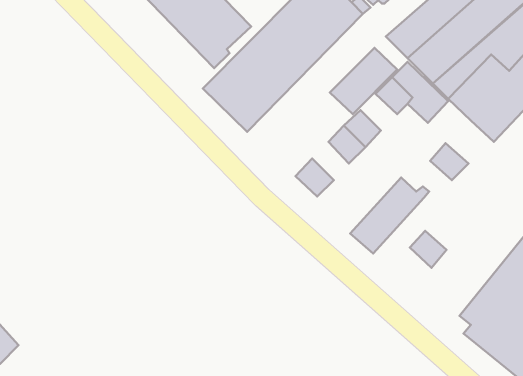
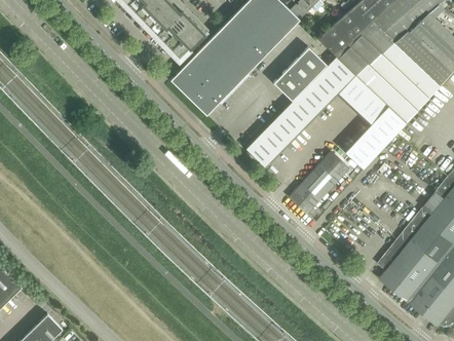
building: none -> [298,83,328,113]
building: none -> [352,89,401,140]
building: none -> [259,122,289,153]
building: [410,231,447,268] -> [342,138,372,167]

